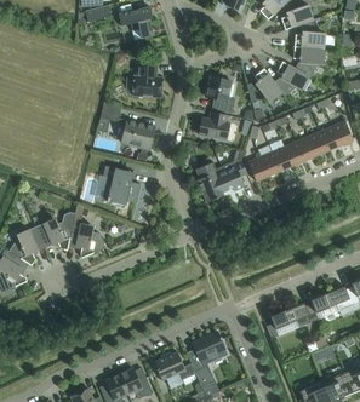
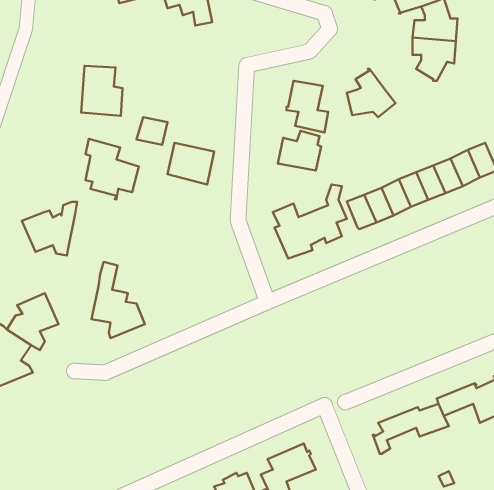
building: [274,61,308,96] -> none
building: [132,62,161,97] -> [81,66,122,116]
building: [103,165,141,207] -> [85,139,139,199]
building: [35,212,74,249] -> [22,202,77,255]

